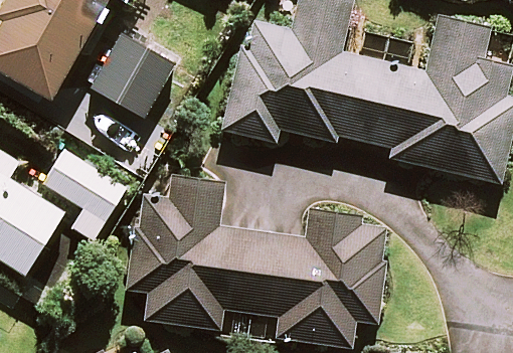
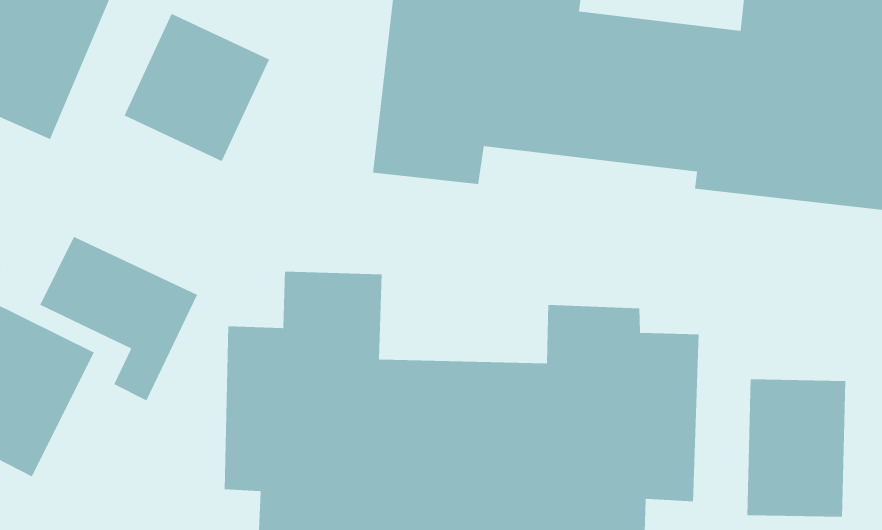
building: none -> [747,378,846,518]

